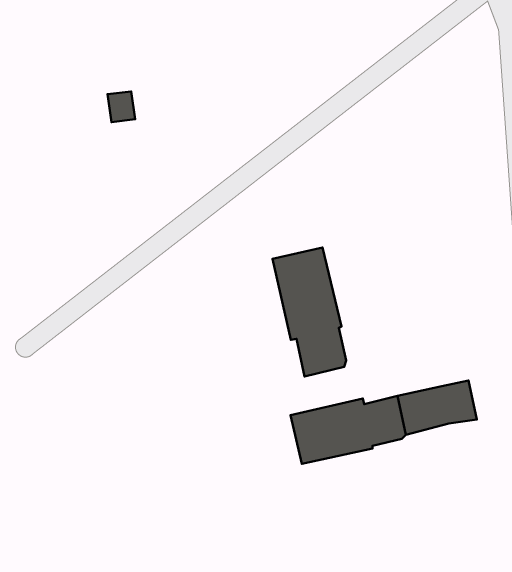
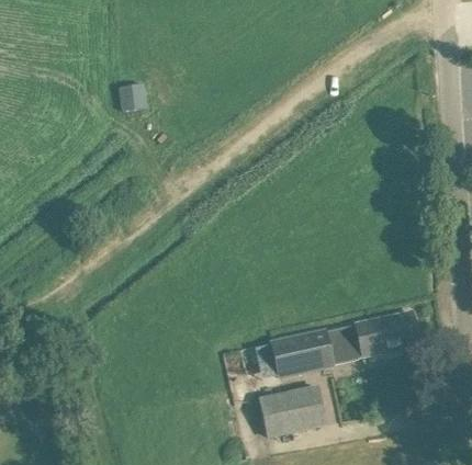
building: [273,247,346,376] -> none
building: none -> [260,385,324,434]

